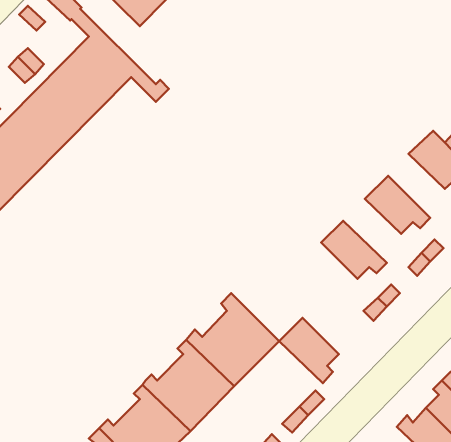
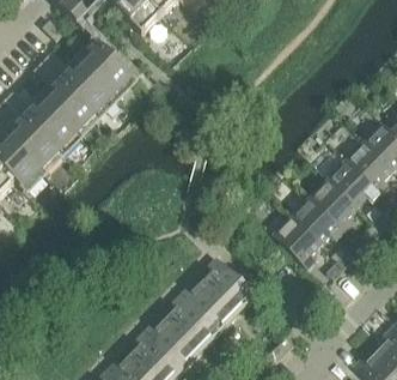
building: none -> [344,140,391,193]
building: none -> [307,177,355,230]
building: [279,318,339,383] -> [270,213,319,267]

